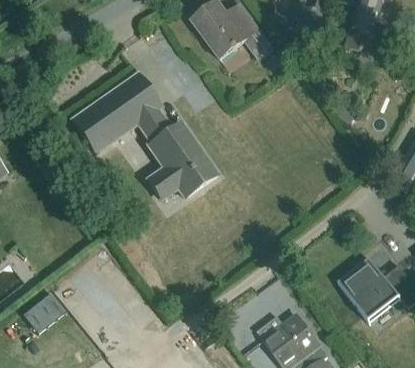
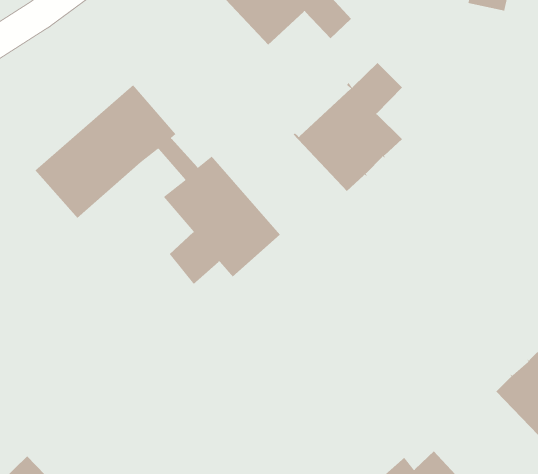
building: none -> [293,62,403,192]

